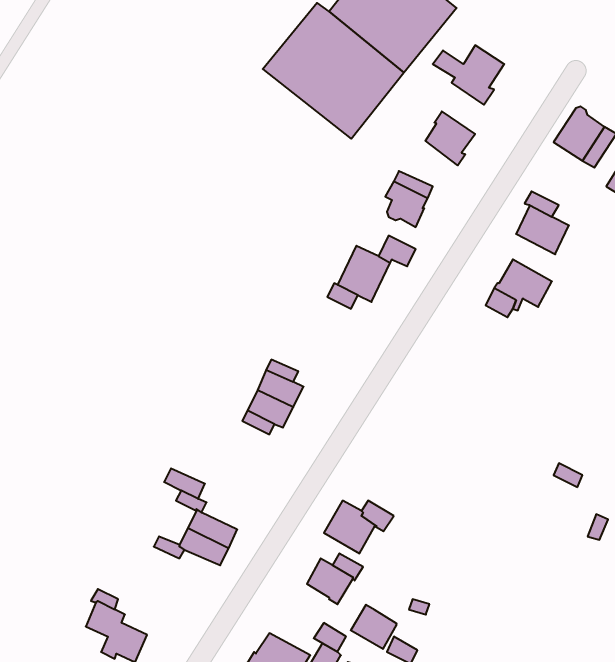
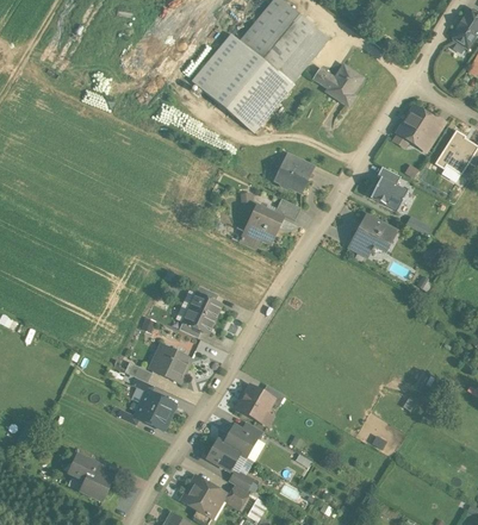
building: [425,111,475,165] -> none
building: none -> [150,344,191,382]
building: [351,605,397,649] -> [207,438,240,469]

